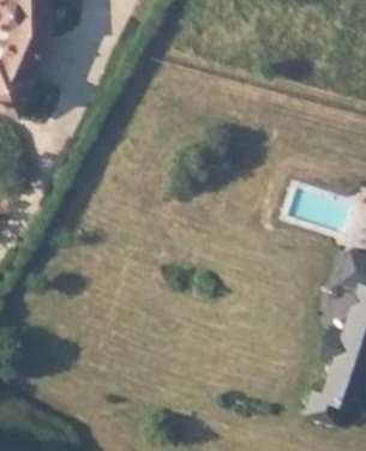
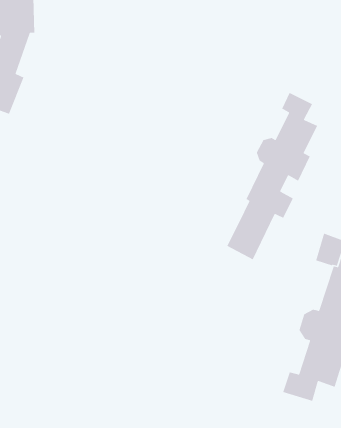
building: none -> [226,92,318,260]

